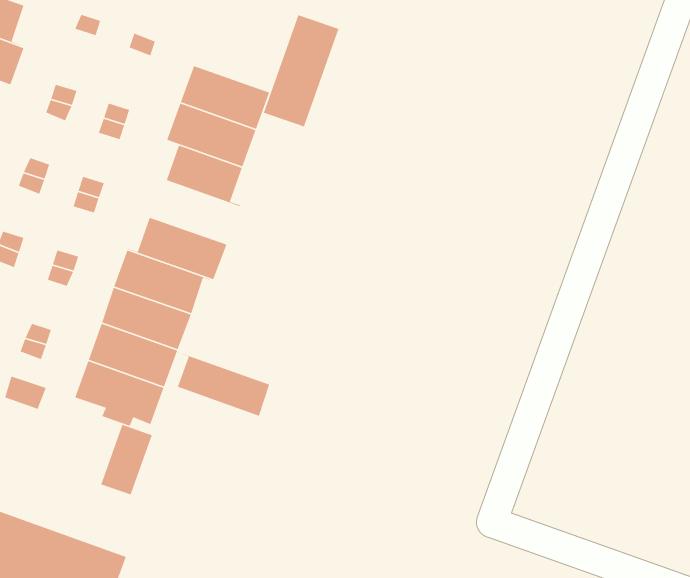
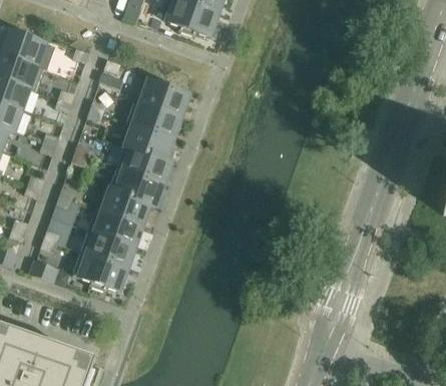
building: [263,14,340,128] -> none
building: none -> [117,144,170,182]
building: [177,352,270,417] -> none
building: [100,424,153,496] -> none

